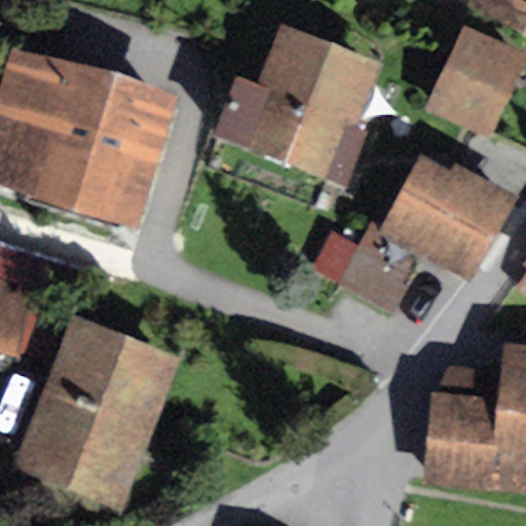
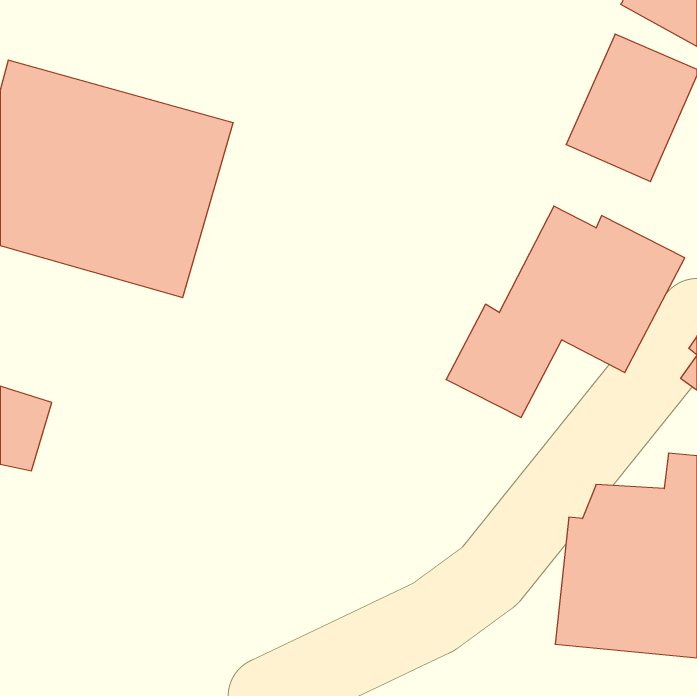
building: [214,23,382,185] -> none
building: [13,314,183,510] -> none

